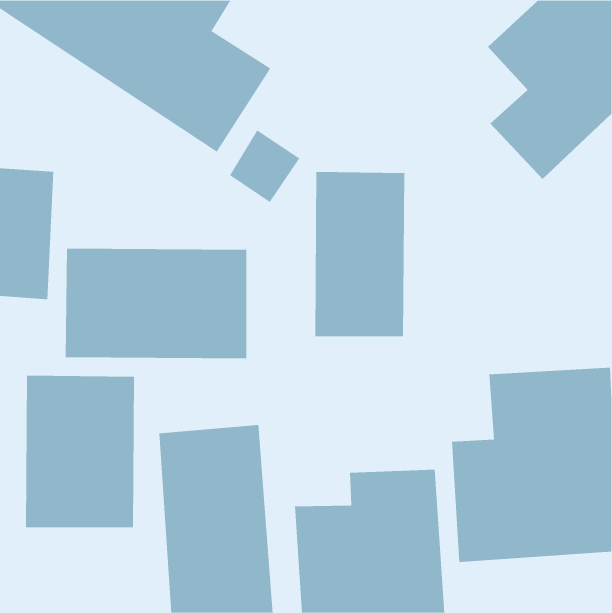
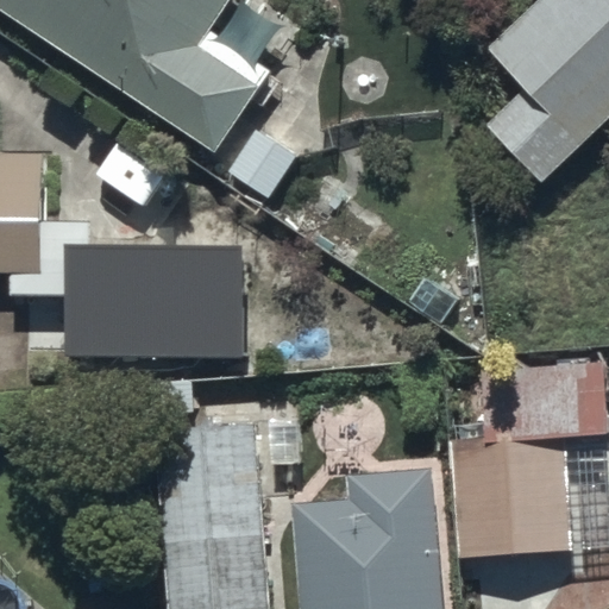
building: [315,171,405,337] -> none
building: [26,375,135,528] -> none

